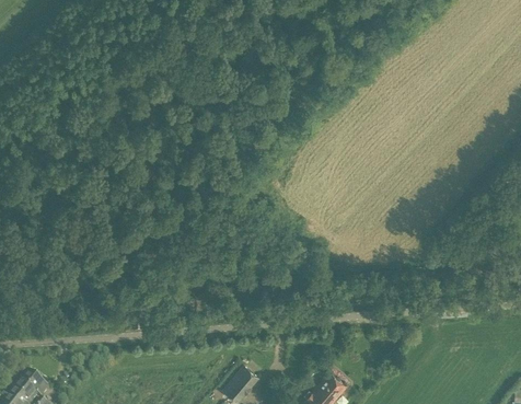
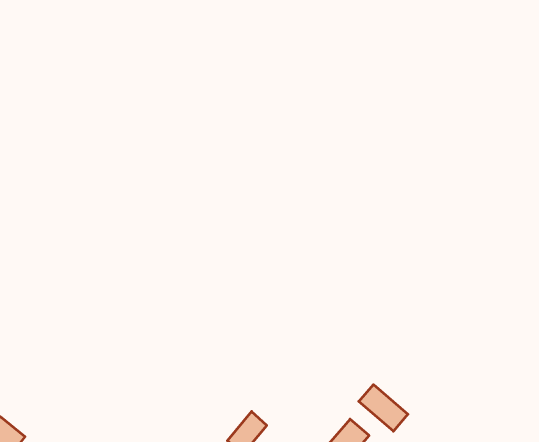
building: none -> [359,385,408,431]

